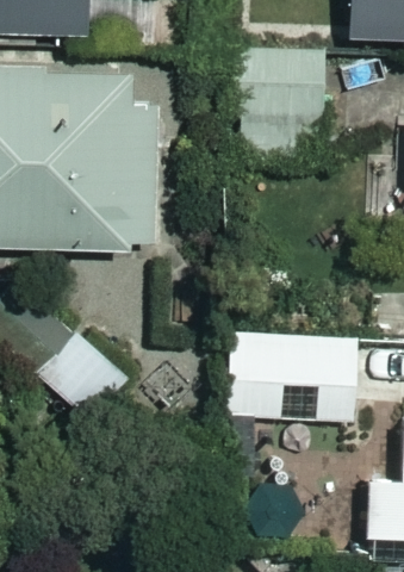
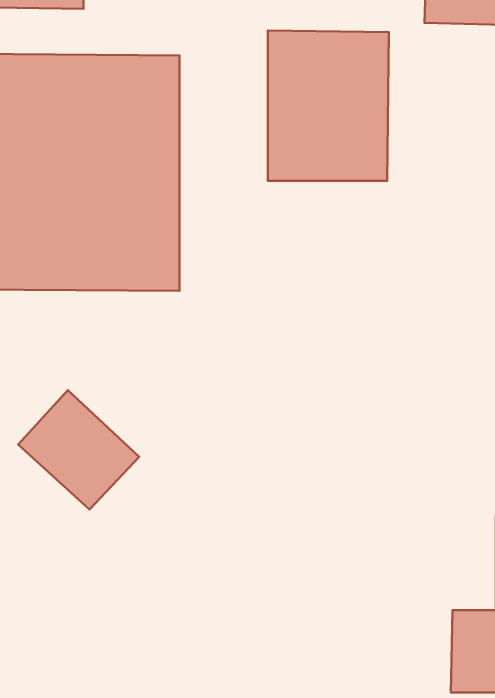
building: [222,335,359,419] -> none

